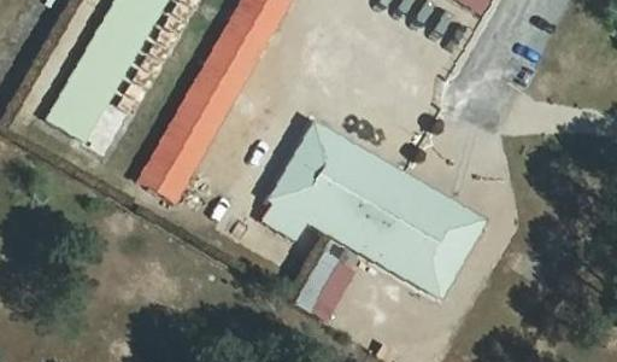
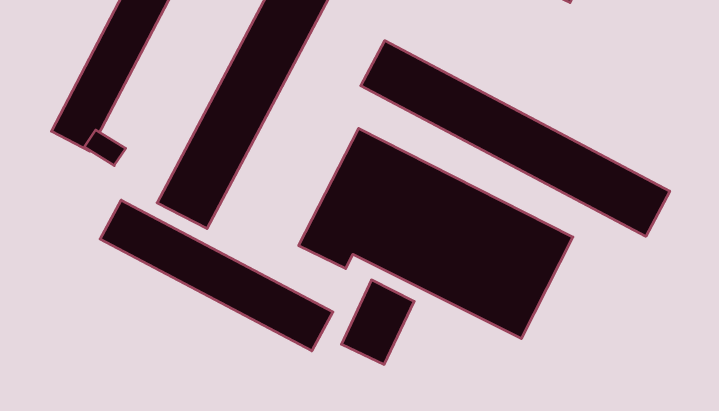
building: none -> [361,41,670,236]
building: none -> [100,200,333,351]

